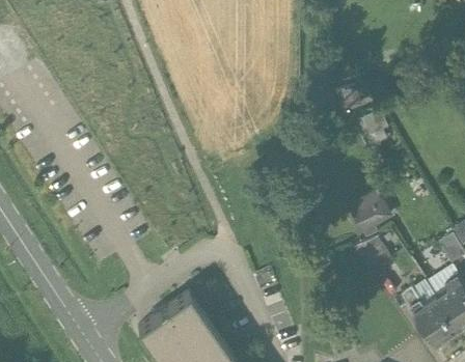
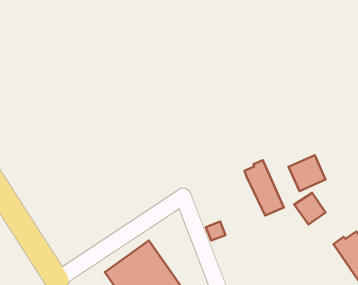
building: none -> [245,160,284,216]

